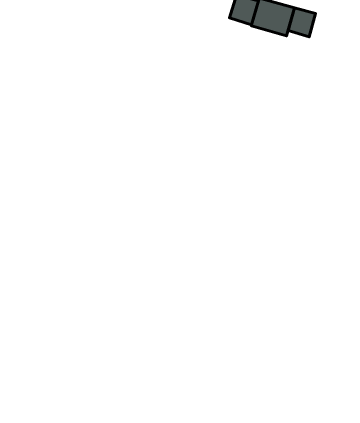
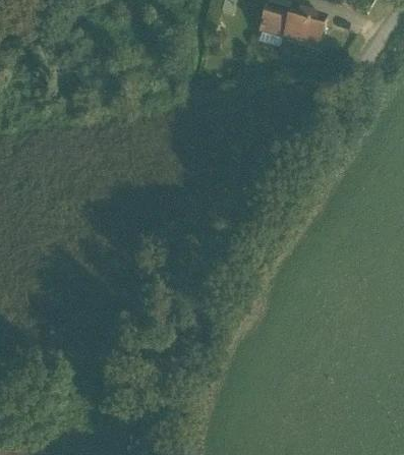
building: [288,8,316,37] -> none

